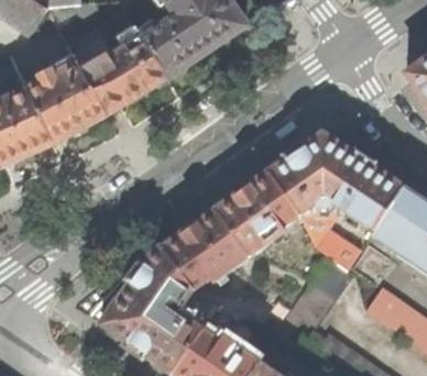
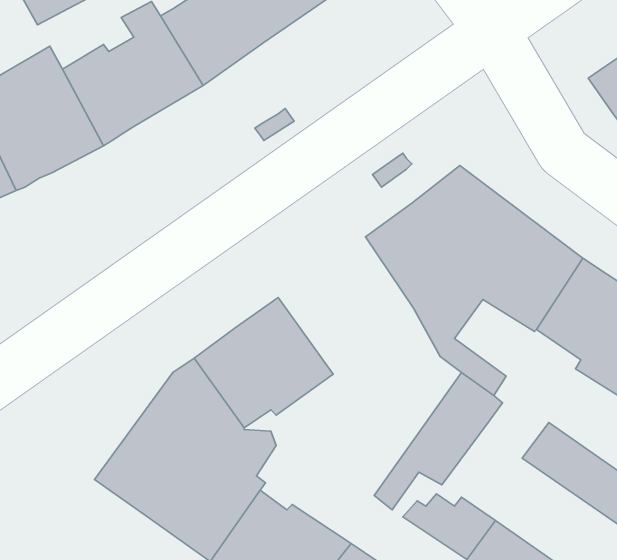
building: [215,172,298,256] -> none

